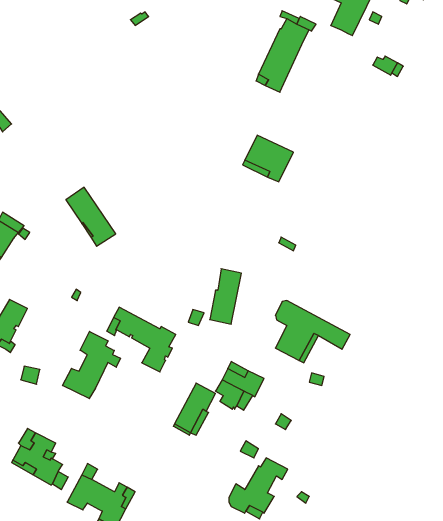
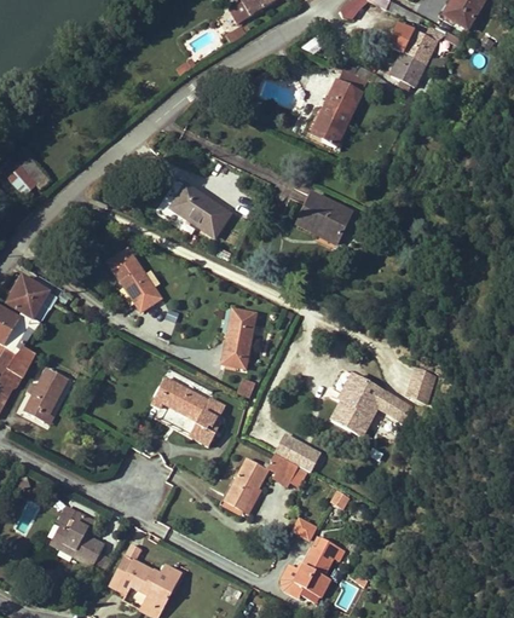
building: none -> [171,184,229,236]
building: [210,269,241,324] -> [221,308,255,368]
building: none -> [406,368,434,400]
building: [63,331,121,399] -> none

